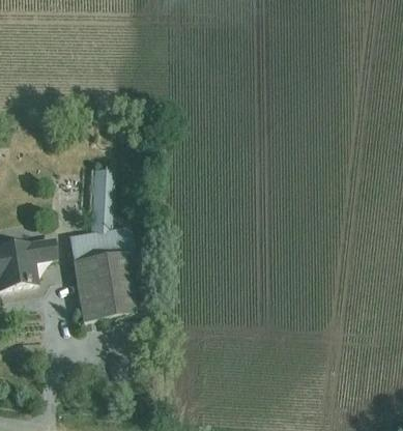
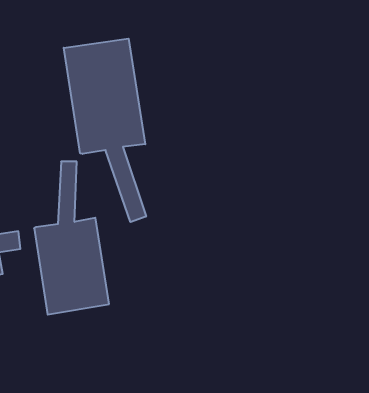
building: none -> [64,39,146,222]

